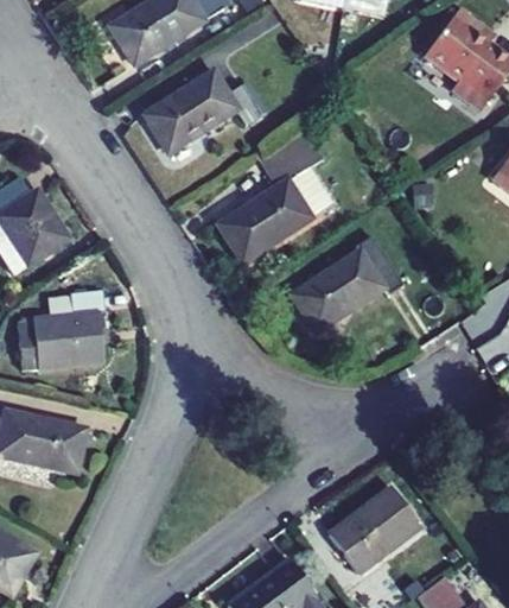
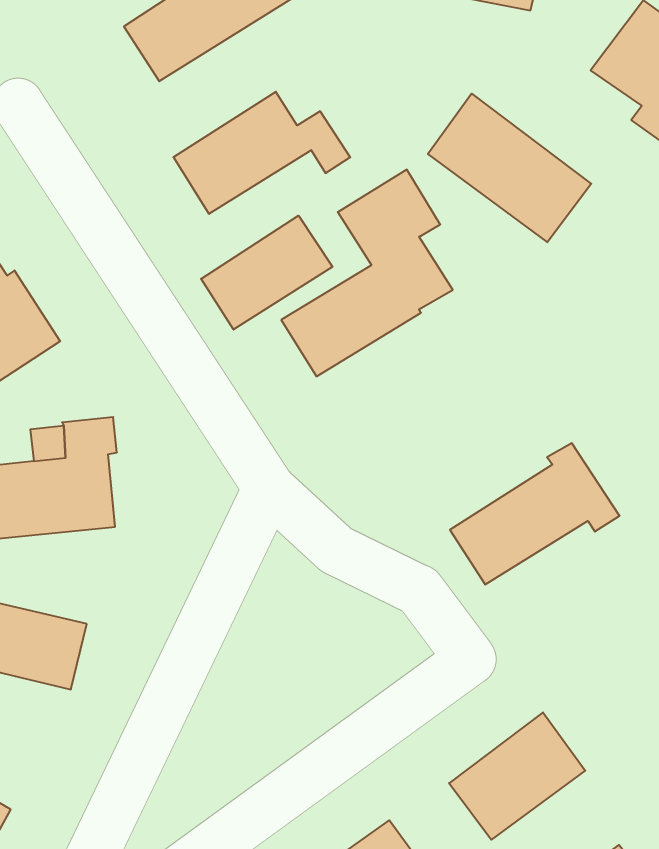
building: none -> [428,94,591,242]
building: none -> [201,216,332,330]
building: [286,240,400,335] -> [450,443,620,585]

